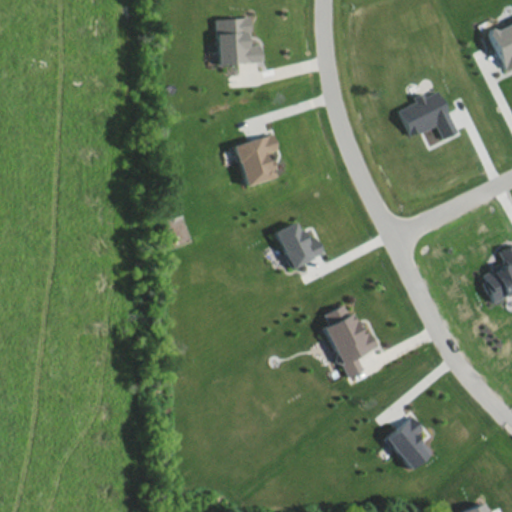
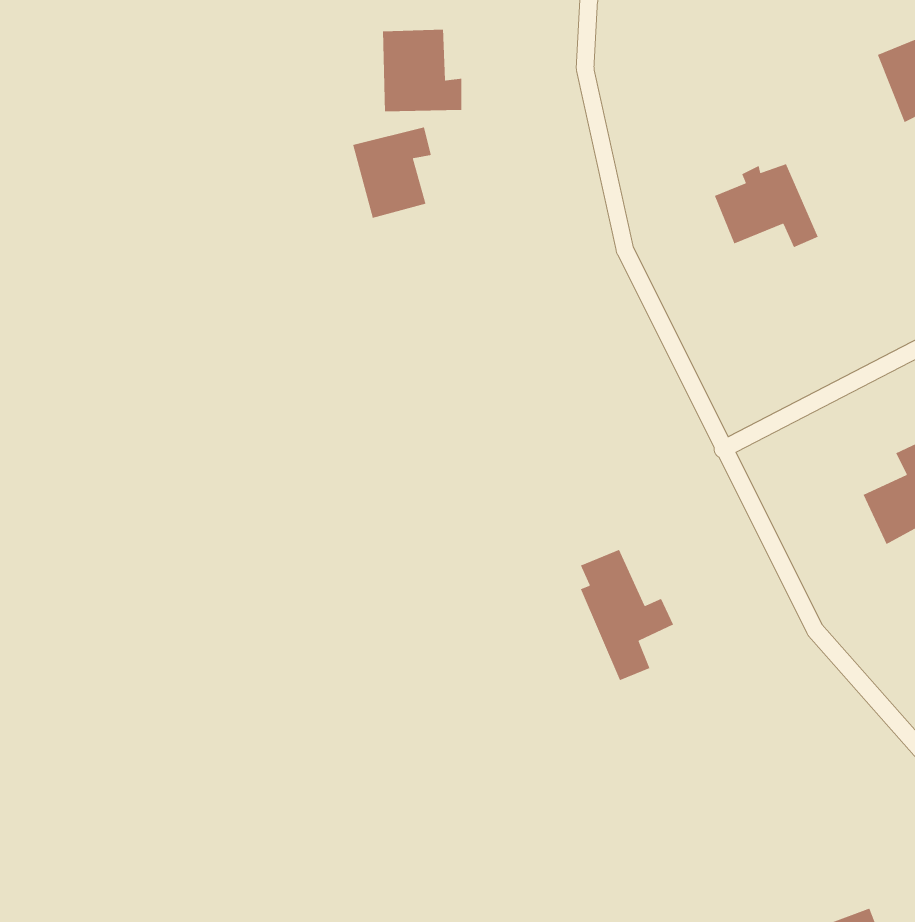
building: [234,135,278,186] -> [352,126,432,219]
building: [275,221,325,269] -> none
building: [387,417,433,470] -> none

